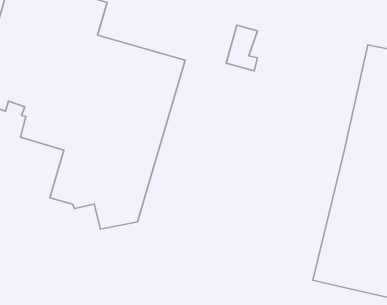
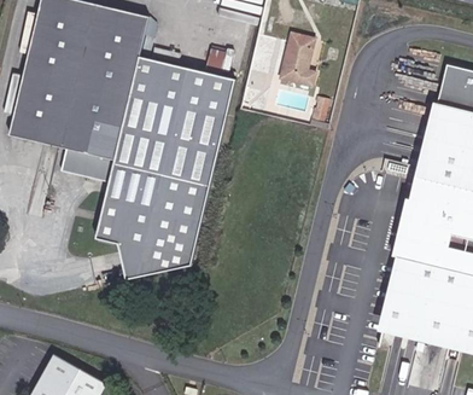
building: none -> [116,244,145,277]

